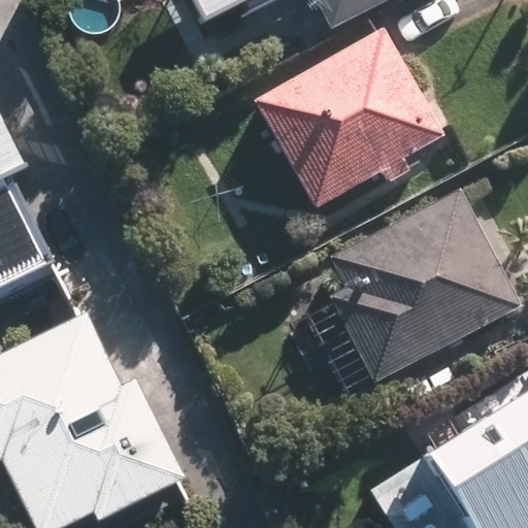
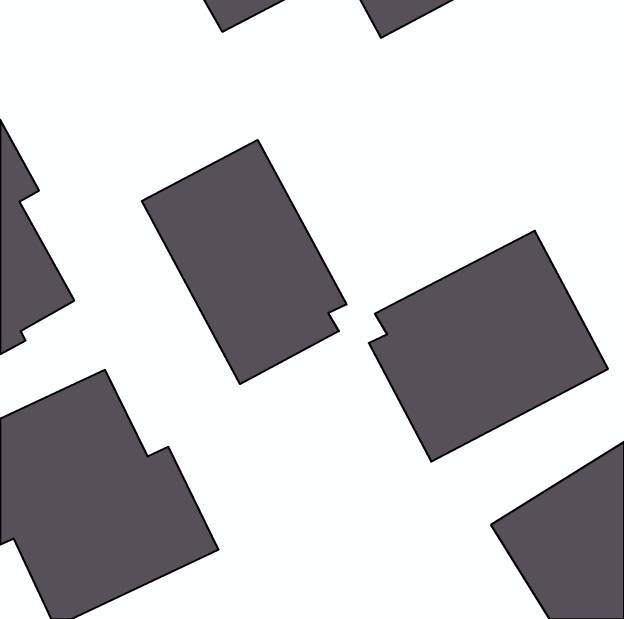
building: [250,32,448,217] -> none
building: none -> [142,140,347,384]

